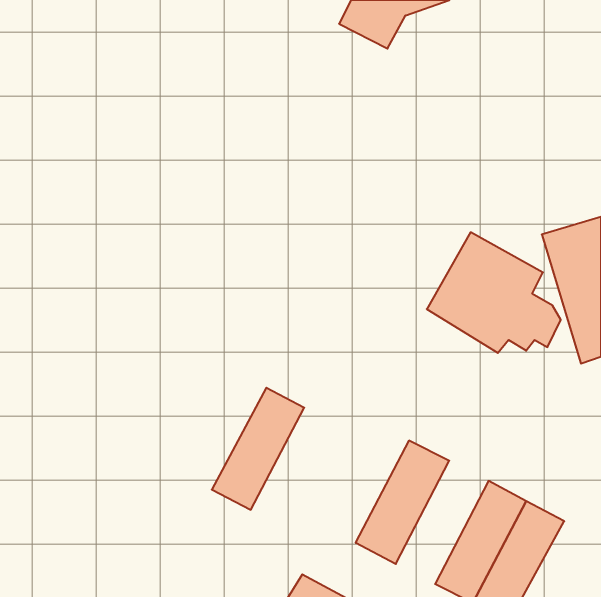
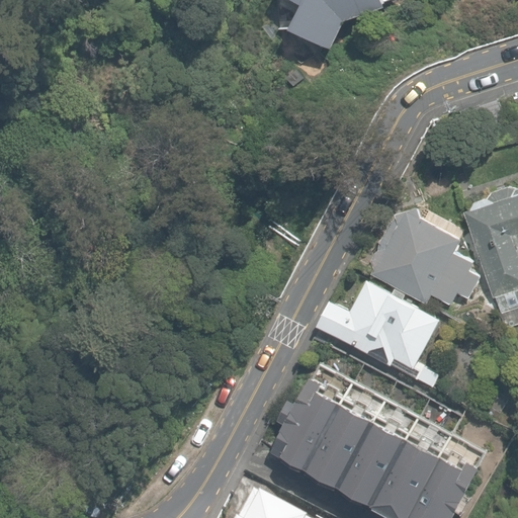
building: none -> [320,281,442,383]
building: [212,388,304,510] -> [270,366,349,470]
building: none -> [338,401,417,506]

